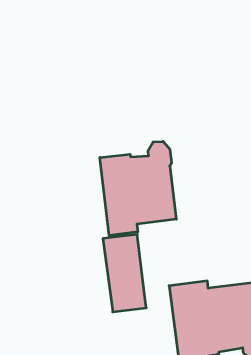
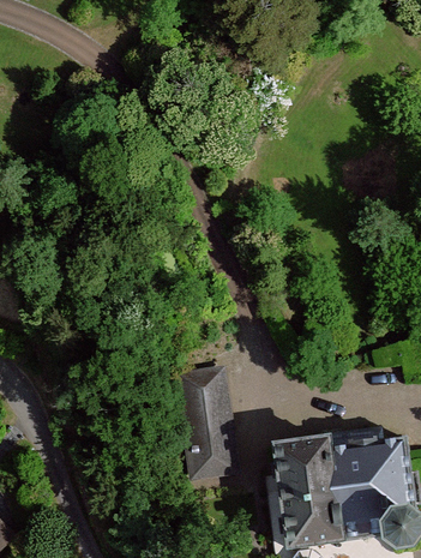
building: [100,141,176,235] -> none

